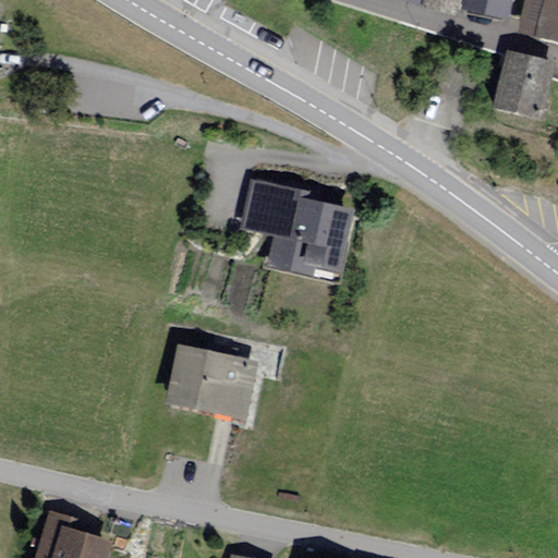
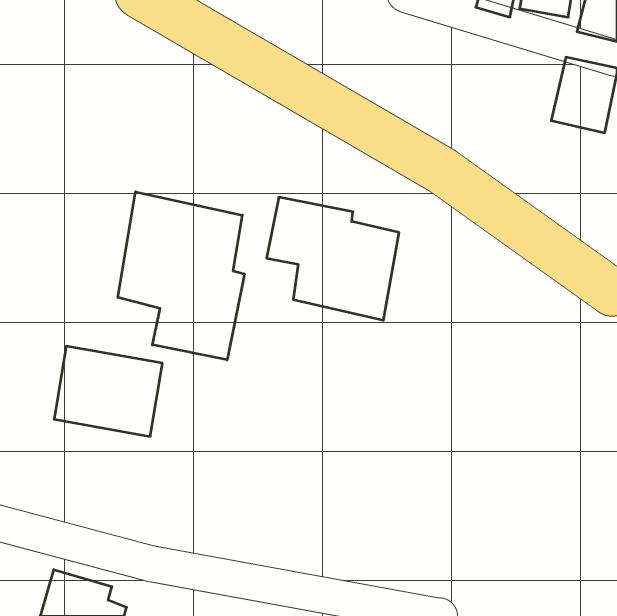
building: none -> [118,192,244,360]
building: [163,344,260,425] -> [54,346,162,436]

